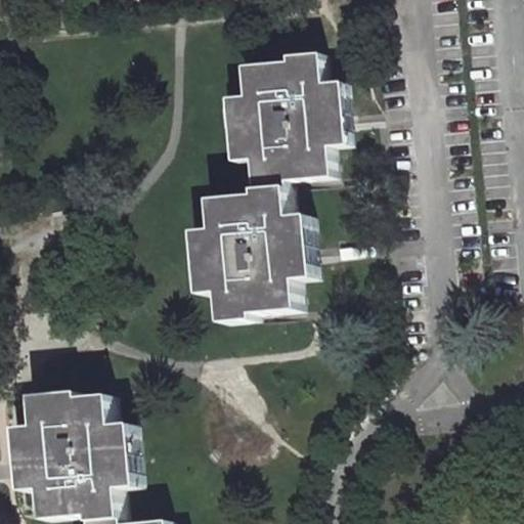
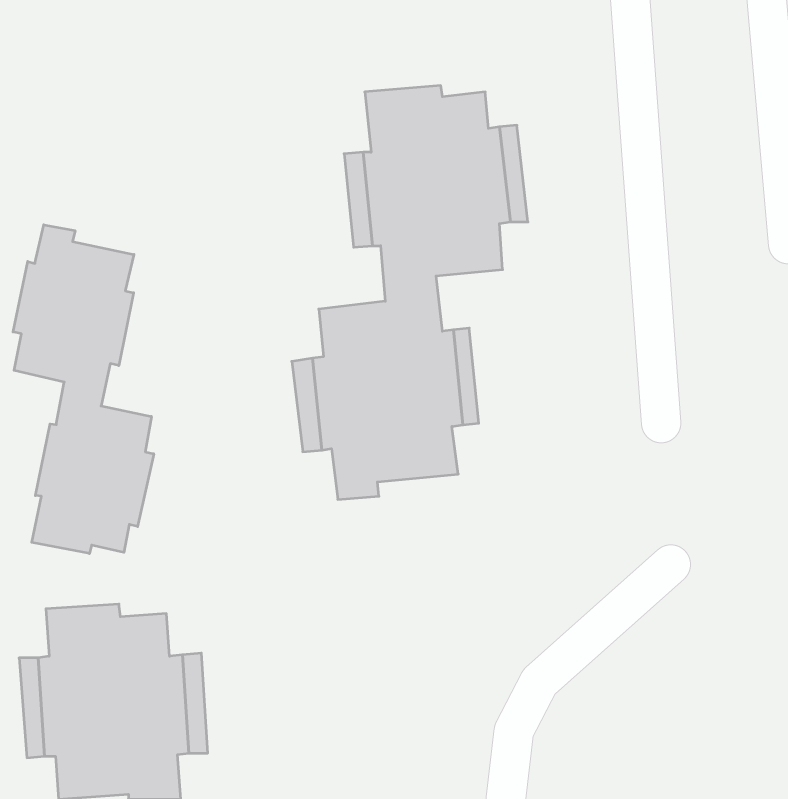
building: none -> [13,225,154,554]

